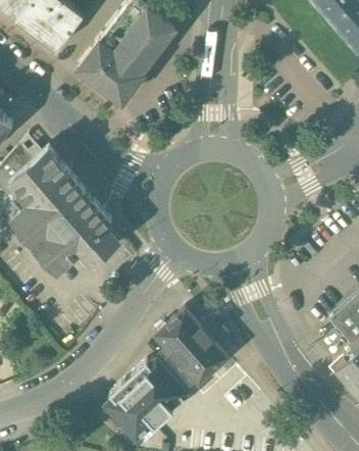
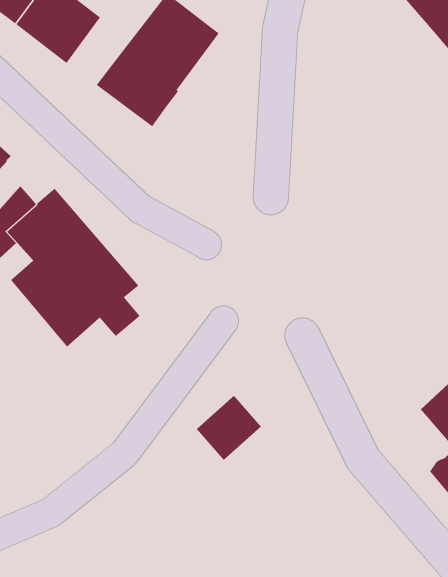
building: [177,334,229,385] -> none
building: [96,355,183,440] -> none

